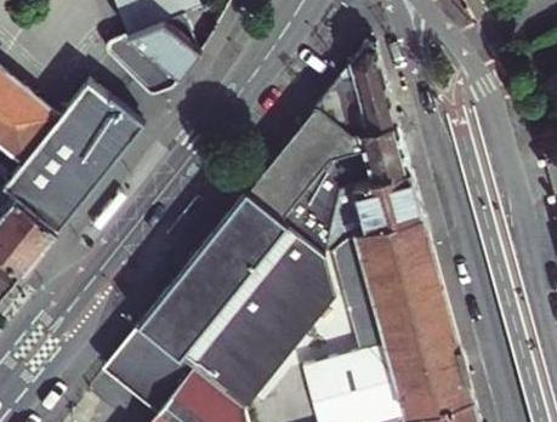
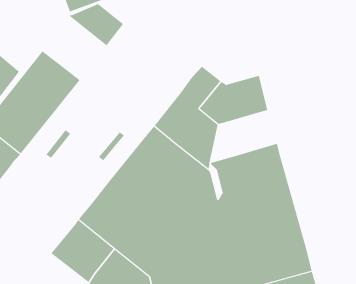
building: [103,36,180,95] -> none
building: [314,42,397,135] -> none
building: [326,171,422,246] -> none

